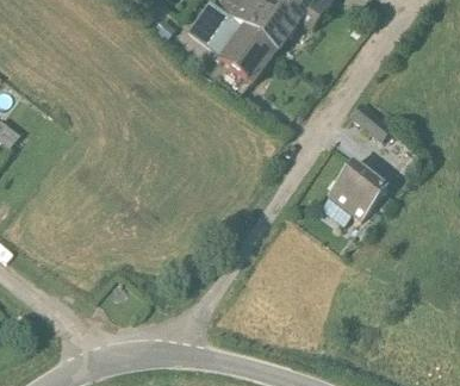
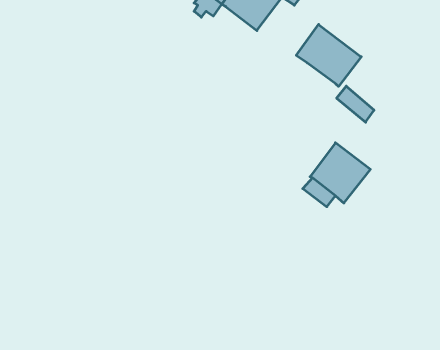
building: [218,25,274,82] -> none
building: none -> [296,24,361,86]

